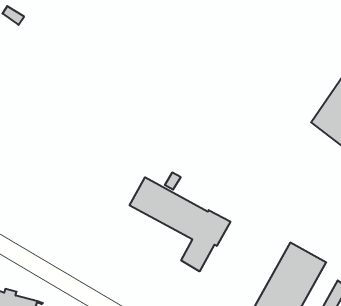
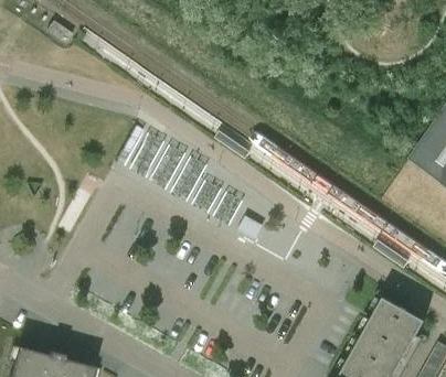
building: [130,177,230,271] -> none

